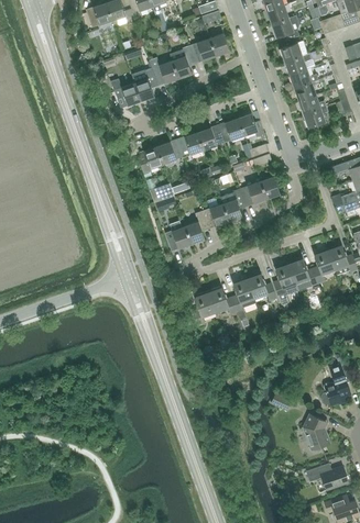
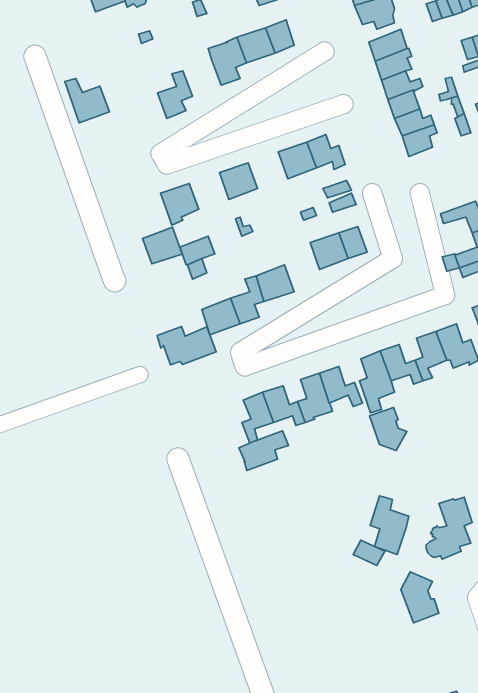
building: [150,57,179,86] -> none
building: [111,78,142,109] -> [65,78,109,123]
building: [198,124,226,149] -> none
building: [157,138,185,164] -> [142,227,182,264]
building: [223,187,248,221] -> none
building: none -> [157,326,216,365]
building: none -> [370,408,407,450]
building: none -> [239,431,289,470]
building: none -> [370,496,409,555]
building: [307,463,349,490] -> none

